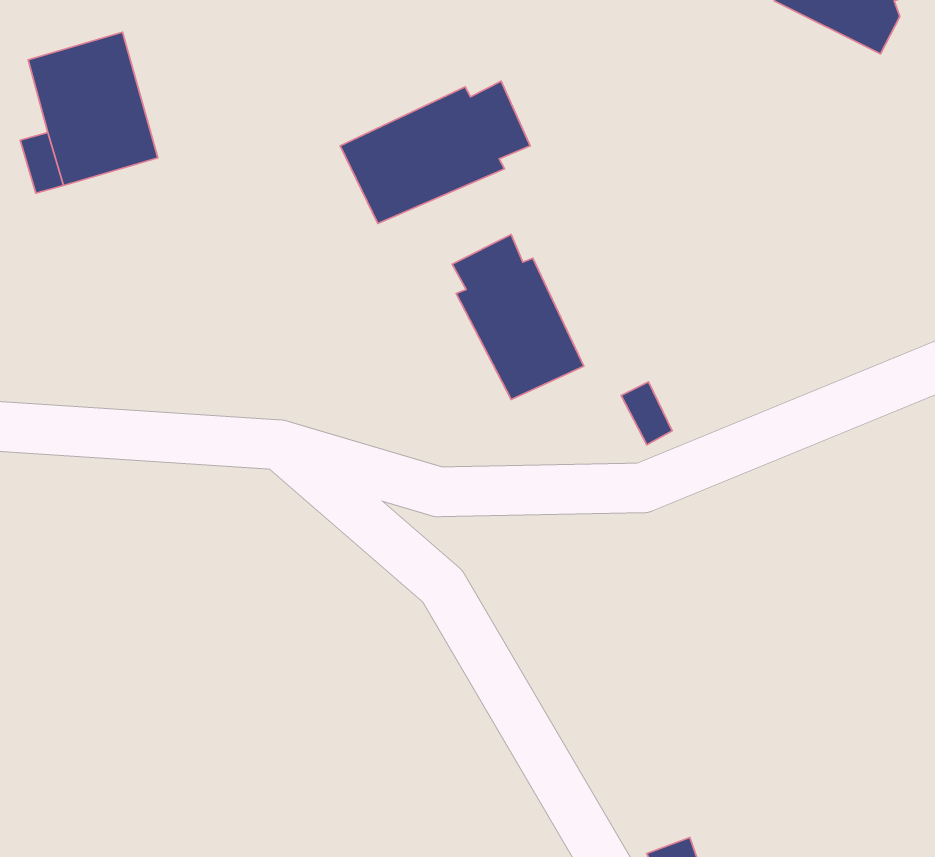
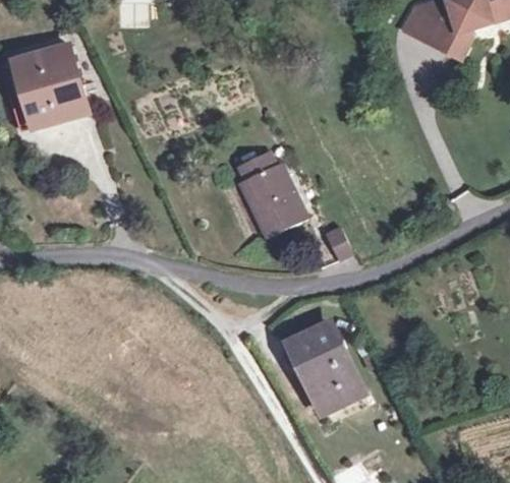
building: [340,81,530,223] -> none
building: none -> [292,323,364,413]

